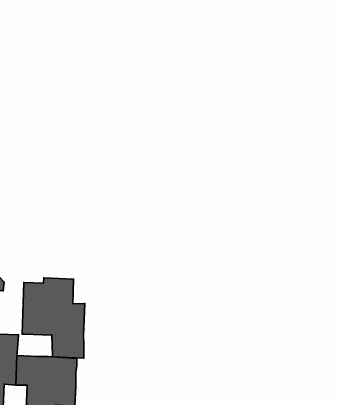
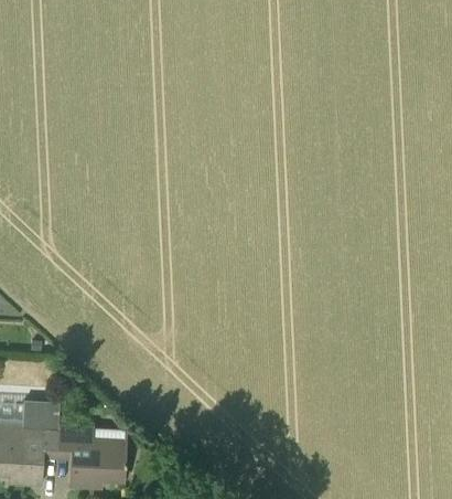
building: [22,278,85,358] -> none

